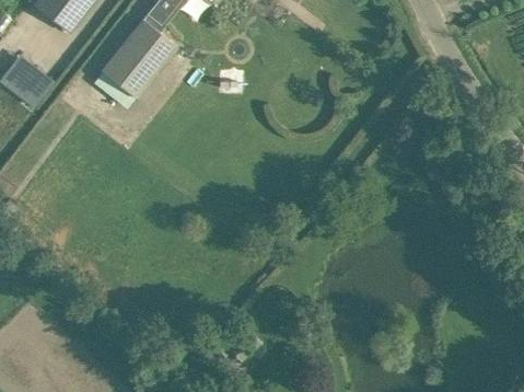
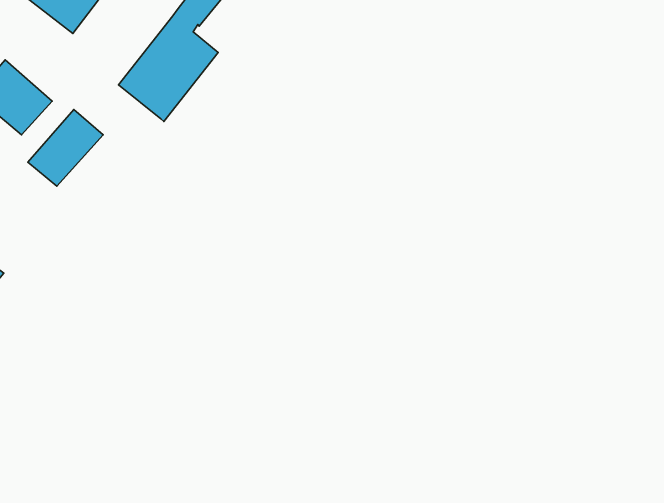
building: none -> [28,109,103,186]

